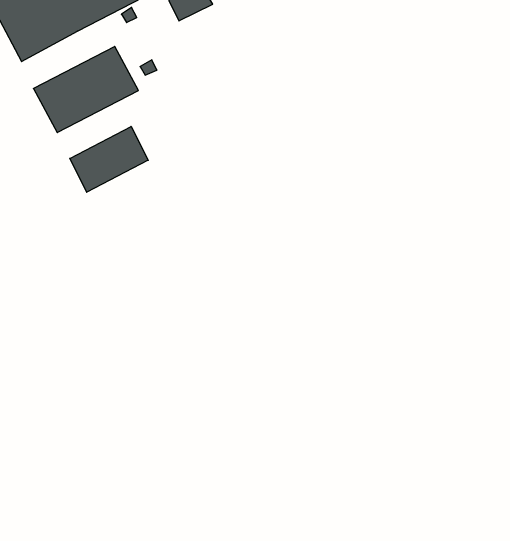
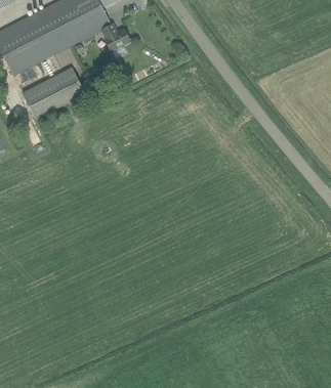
building: [70,126,148,192] -> none

